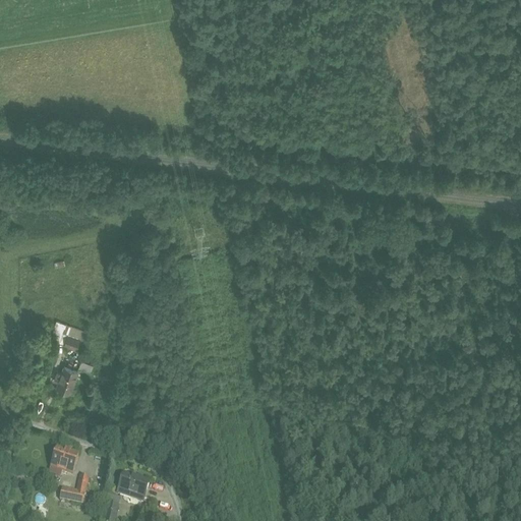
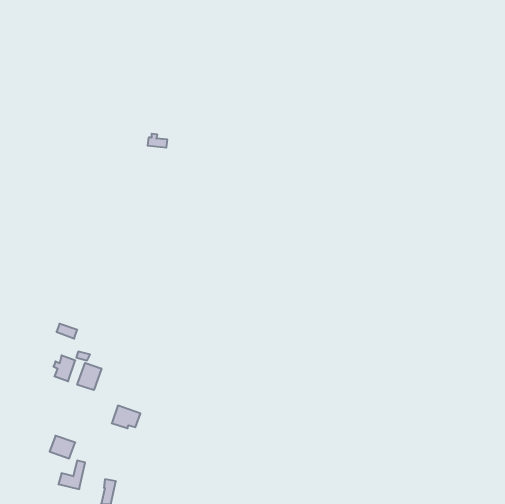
building: none -> [77,363,101,390]
building: [118,473,148,497] -> [112,406,140,428]

